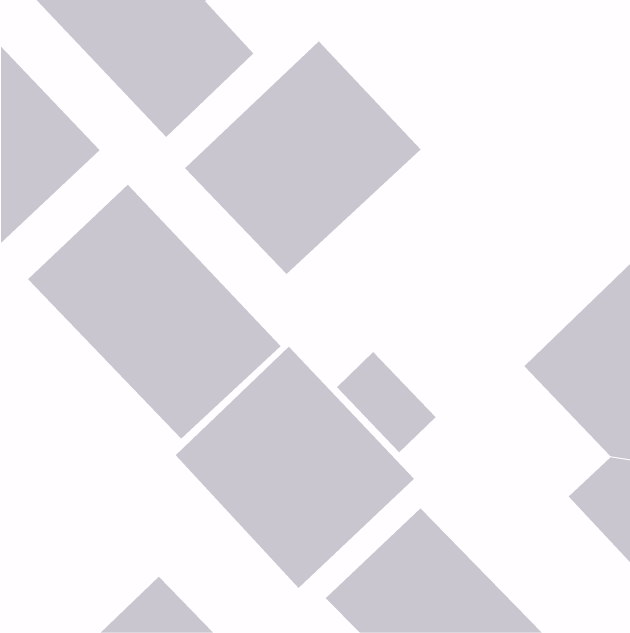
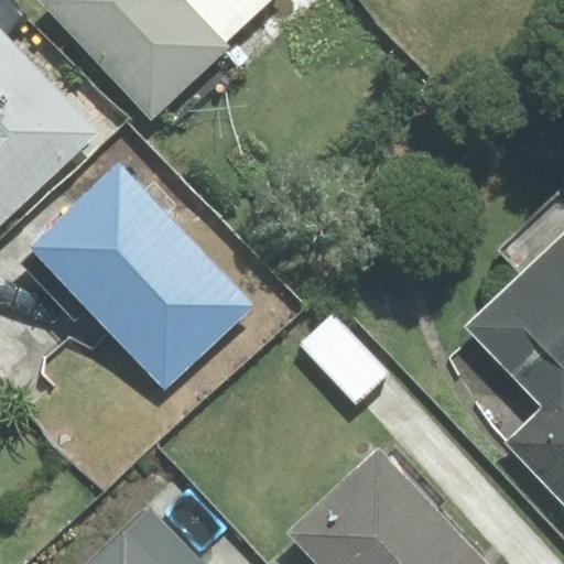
building: [184,41,422,275] -> none
building: [175,346,415,589] -> none

